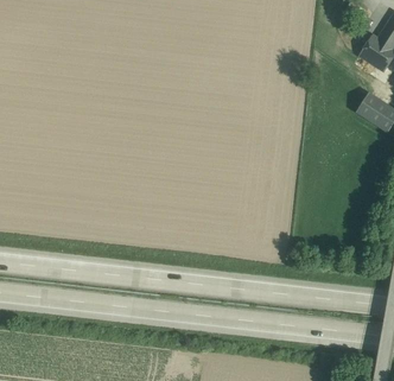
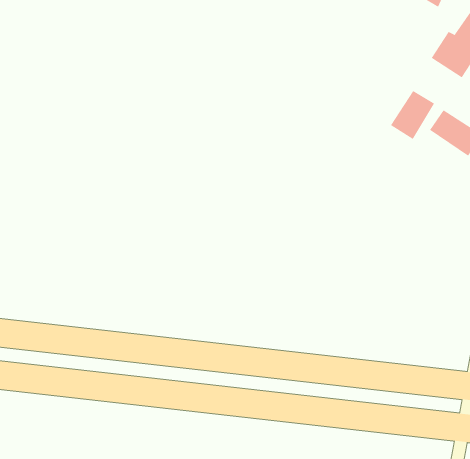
building: none -> [390,90,435,140]

